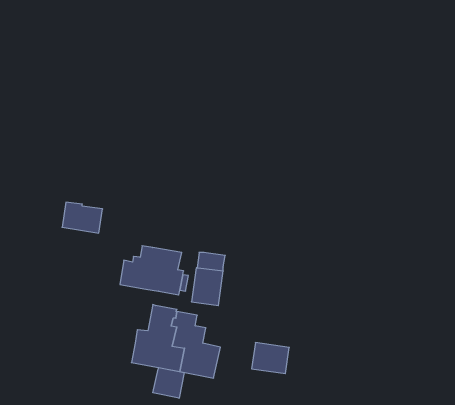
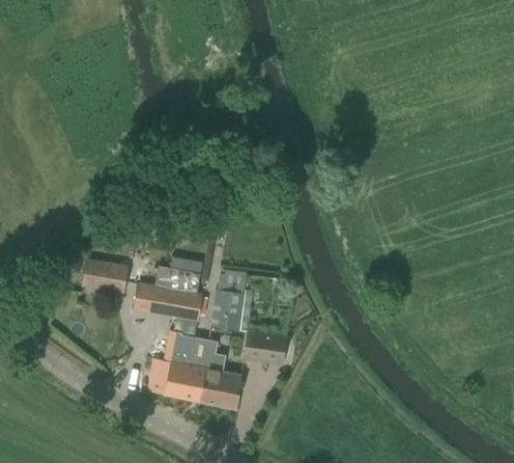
building: [62,202,103,233] -> [83,258,126,292]
building: [252,343,289,374] -> [245,330,285,363]
building: [153,368,184,398] -> none

